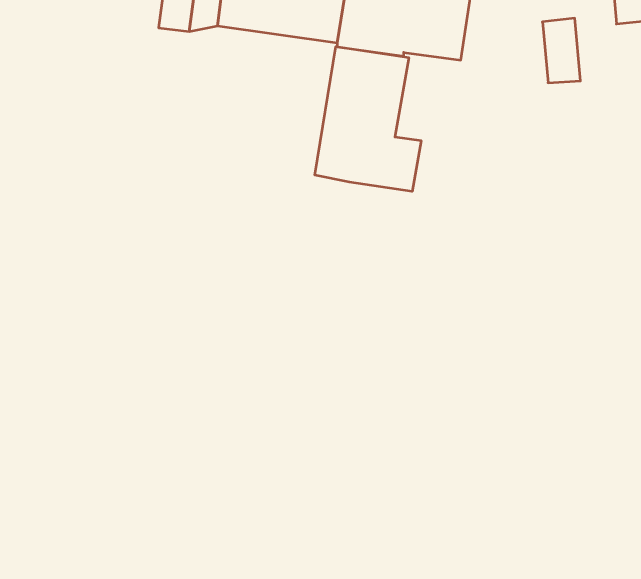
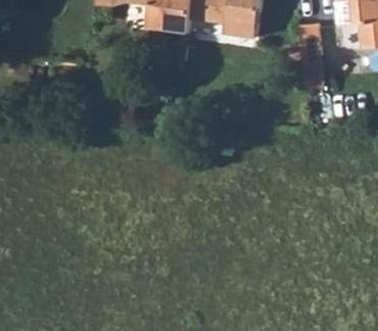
building: [315,47,421,191] -> none

